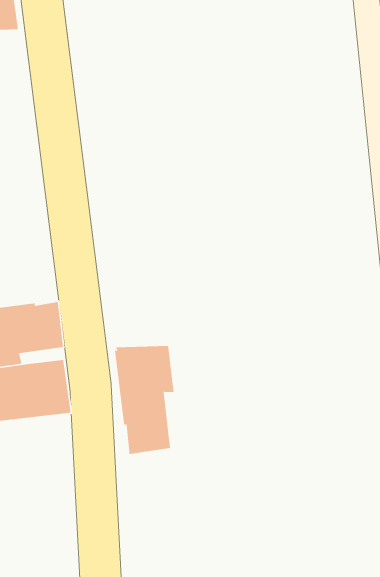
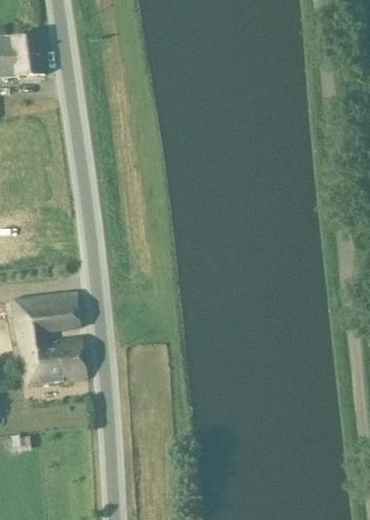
building: [114,345,174,455] -> none

